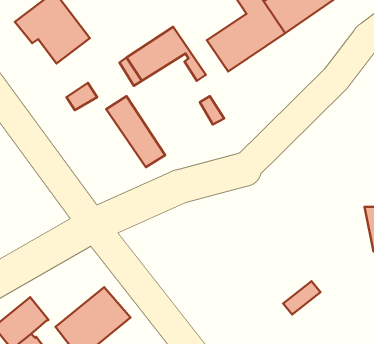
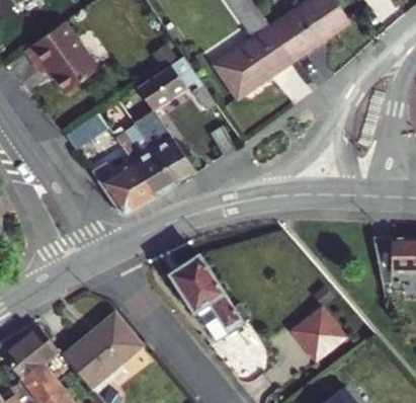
building: none -> [136,113,193,183]
building: none -> [92,138,155,212]
building: none -> [169,253,240,341]
building: none -> [301,320,342,359]

